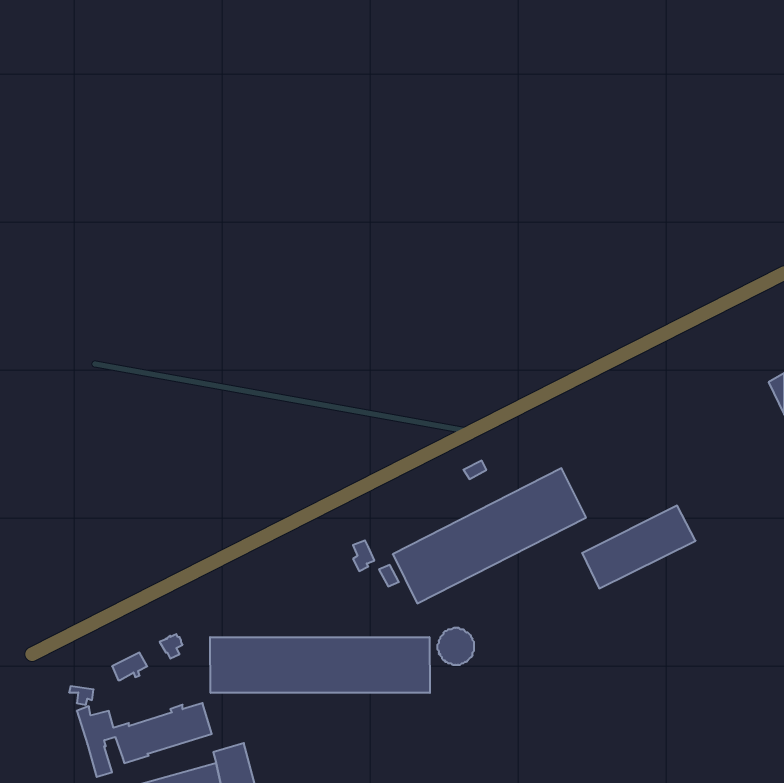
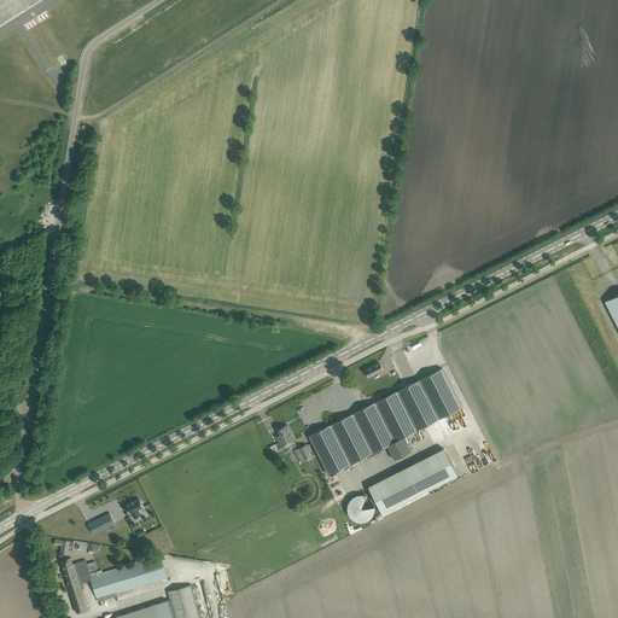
building: [582,506,696,588] -> [368,449,457,514]
building: [210,637,430,693] -> none

